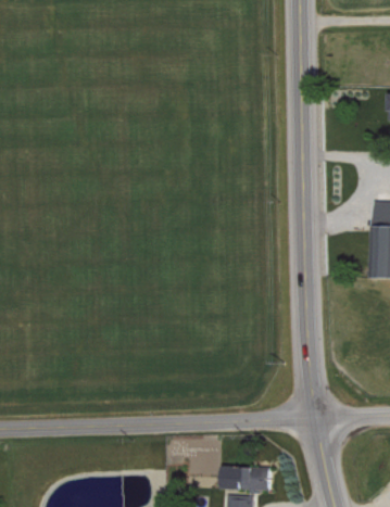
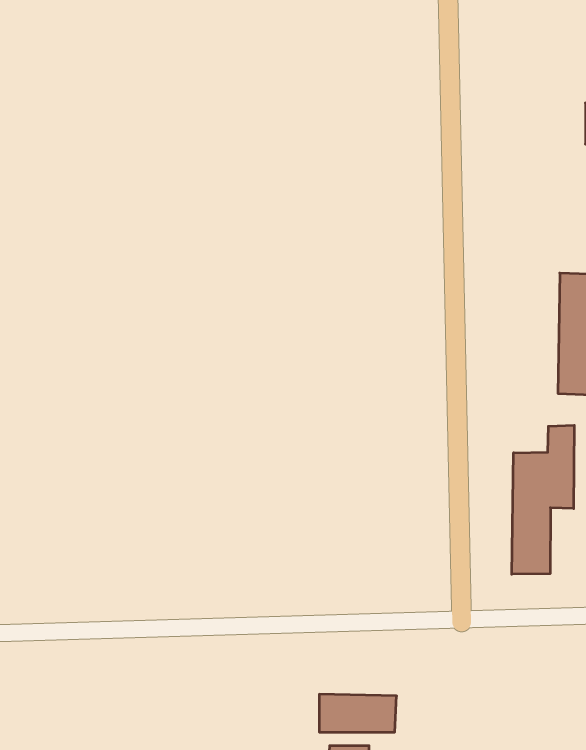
building: none -> [512,425,574,574]

